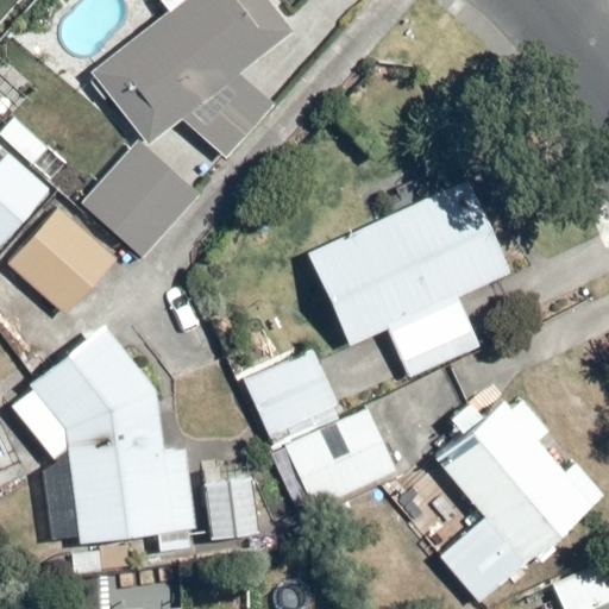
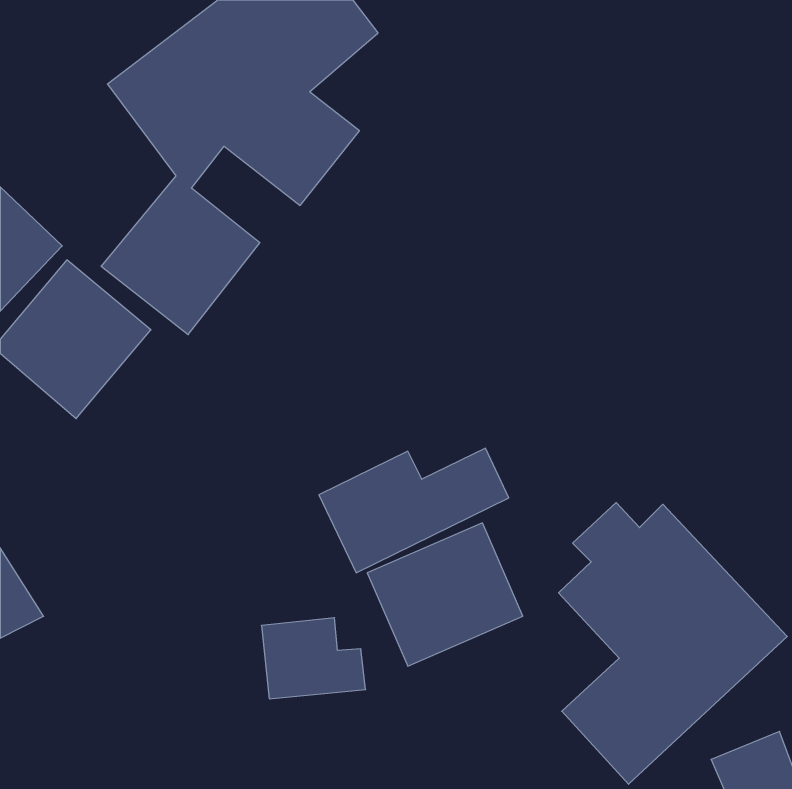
building: [303,181,509,383] -> none
building: [10,316,201,554] -> none

